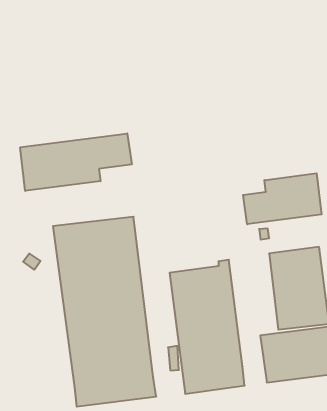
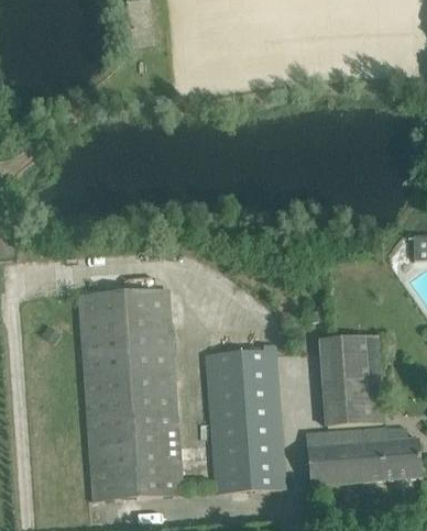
building: [20,133,132,191] -> none
building: [243,173,322,224] -> none

